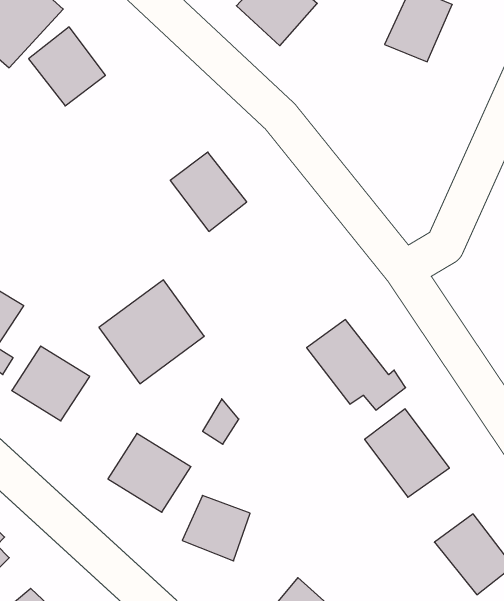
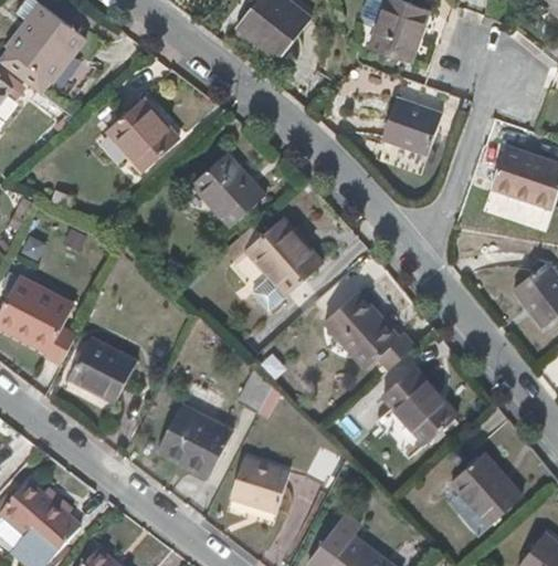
building: [29,27,105,106] -> [108,98,177,168]
building: none -> [381,96,440,154]
building: [99,280,204,384] -> [227,219,319,312]

